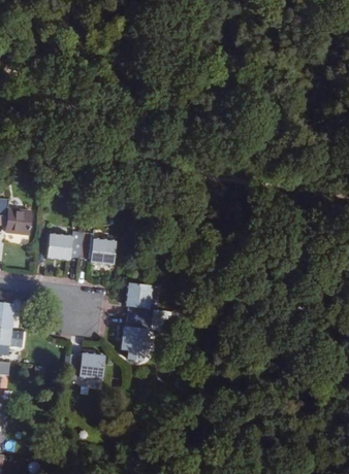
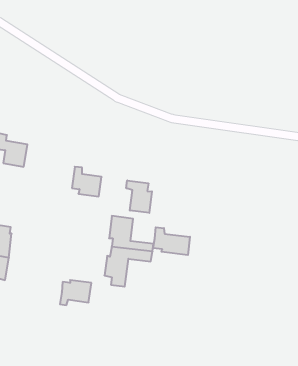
building: [46,230,86,260] -> none
building: none -> [126,180,152,213]
building: none -> [153,227,190,255]

